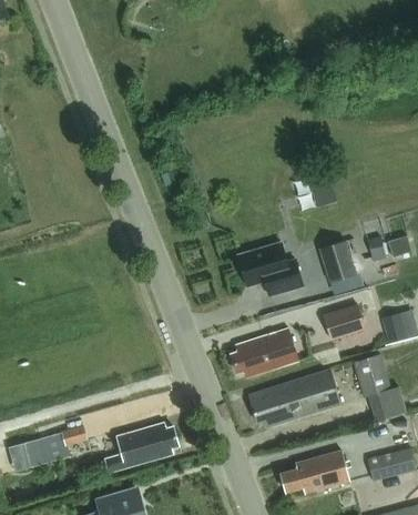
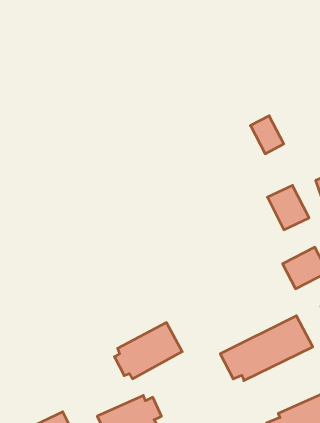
building: [239,243,304,293] -> none
building: [231,327,298,377] -> [114,323,182,379]

